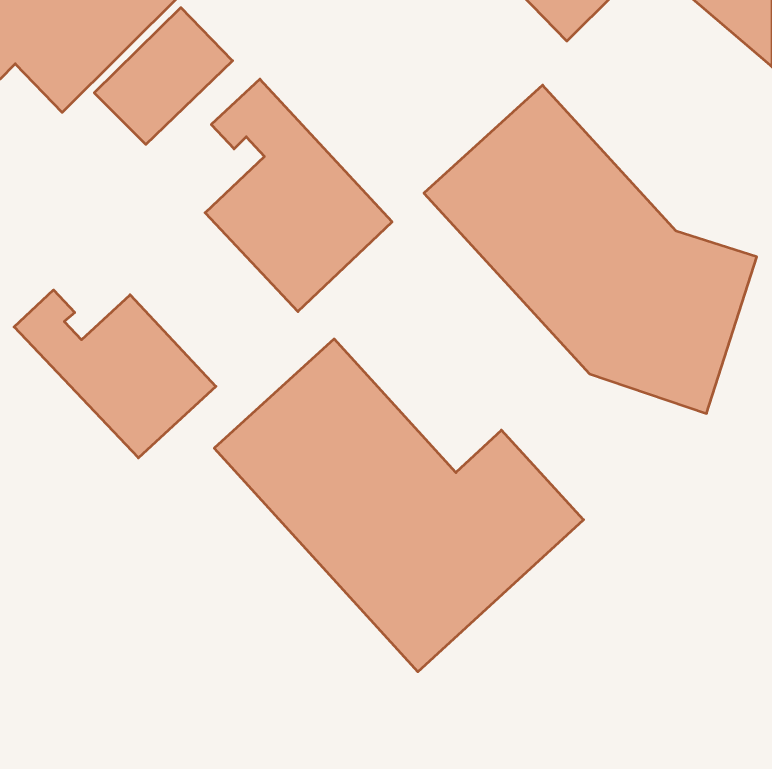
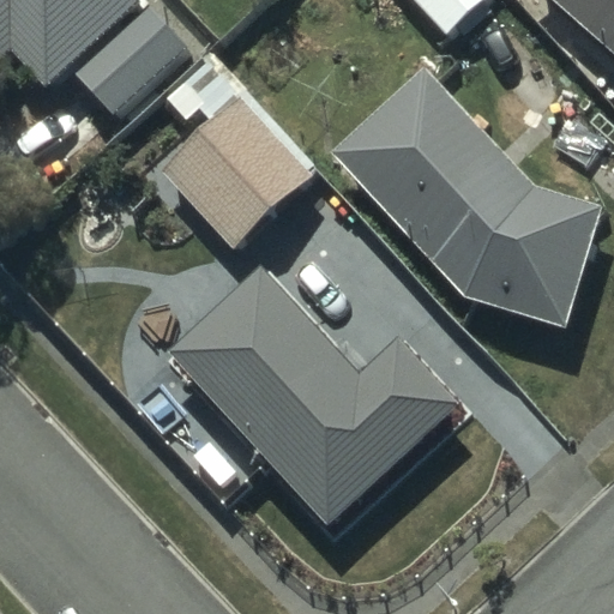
building: [14,290,216,458] -> none

